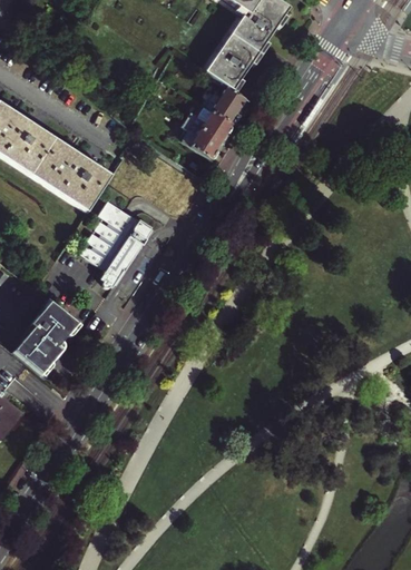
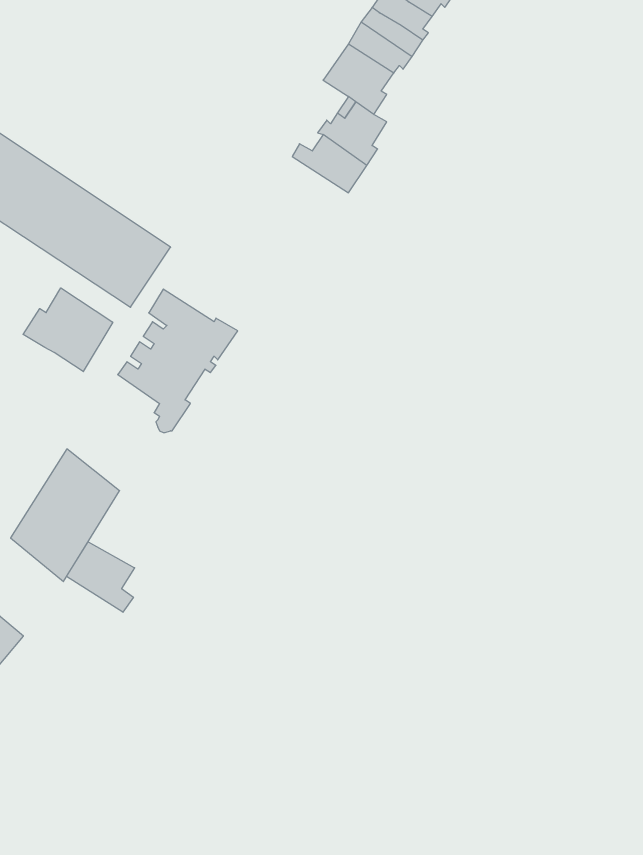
building: [182,119,221,158] -> none
building: none -> [23,288,113,372]
building: none -> [67,542,135,612]

